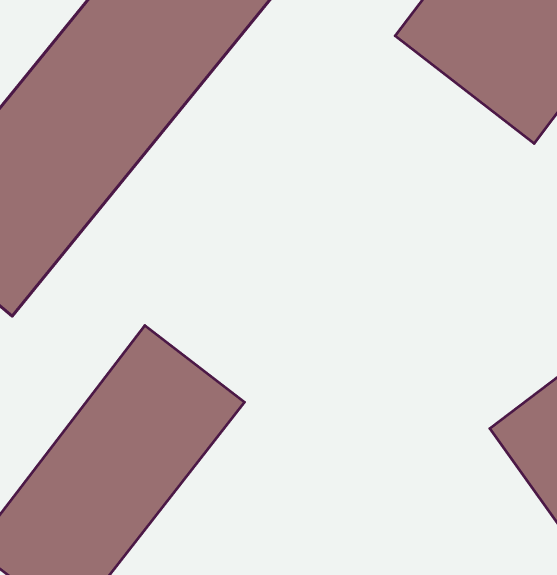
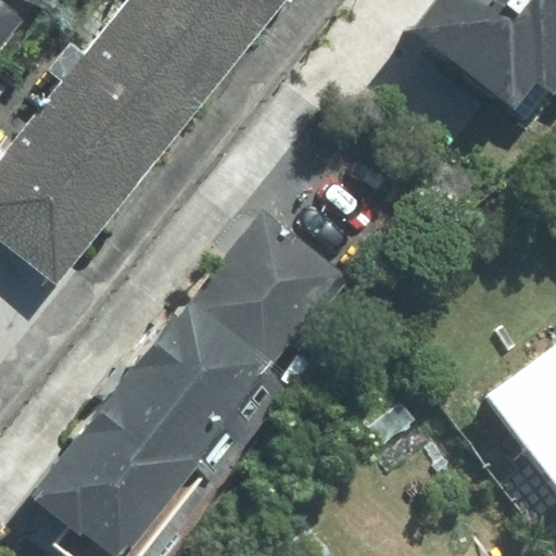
building: none -> [188,214,348,370]

